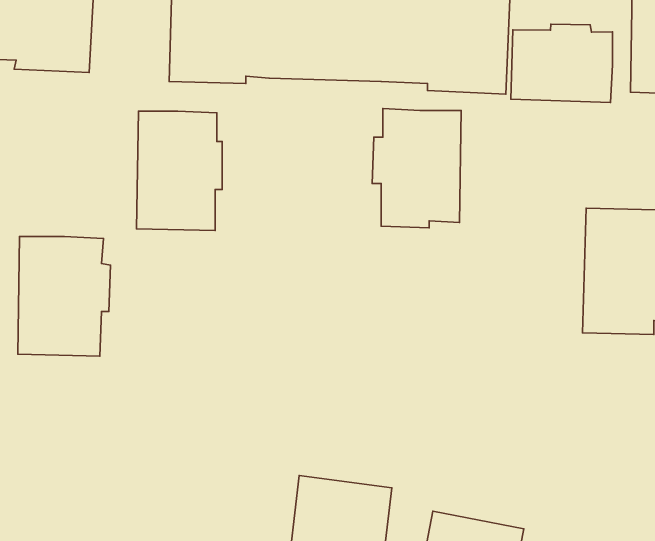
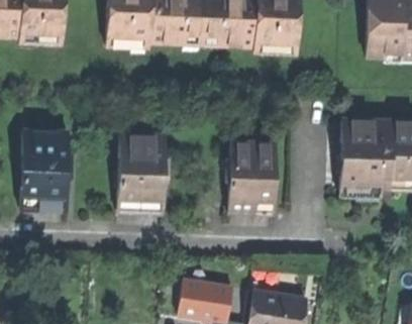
building: [511,24,613,102] -> none
building: [372,109,461,228] -> [224,140,275,208]
building: [137,111,222,231] -> [118,139,167,207]

